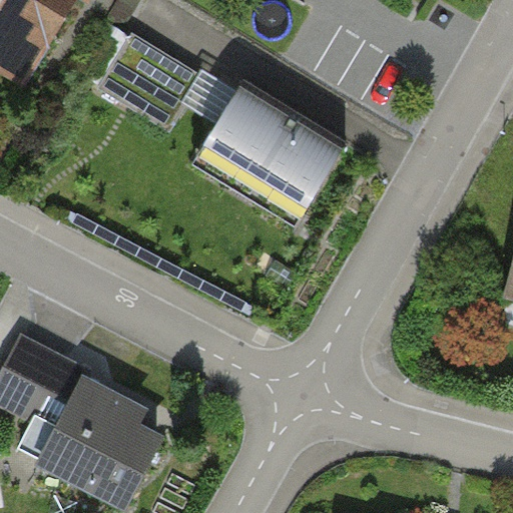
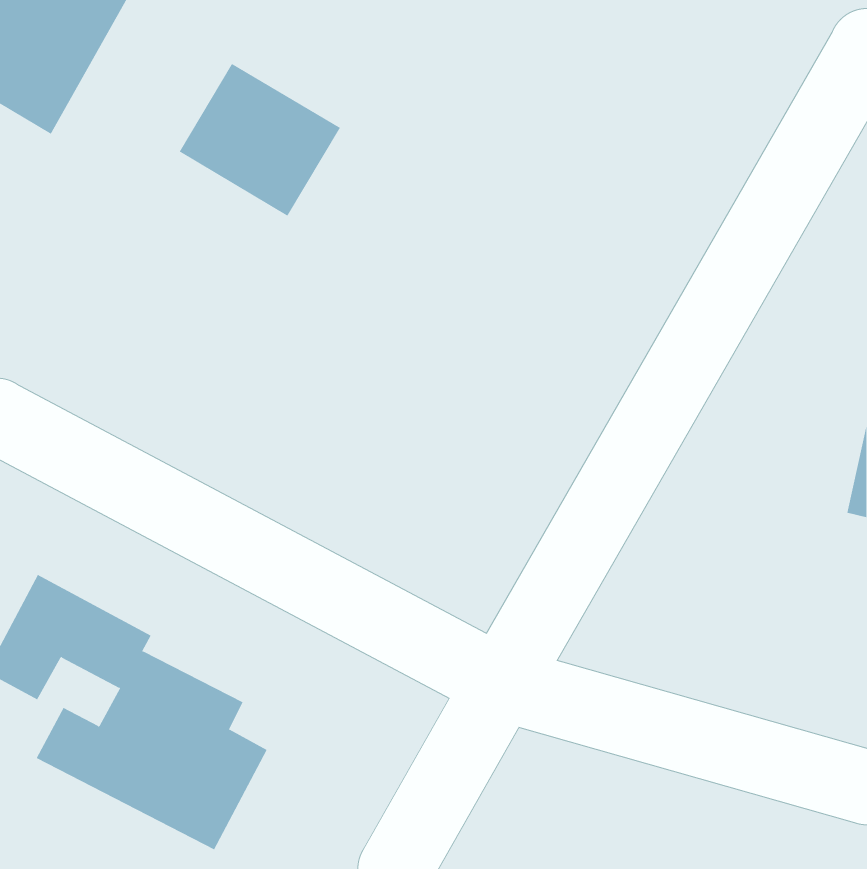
building: [191,79,346,225] -> none

